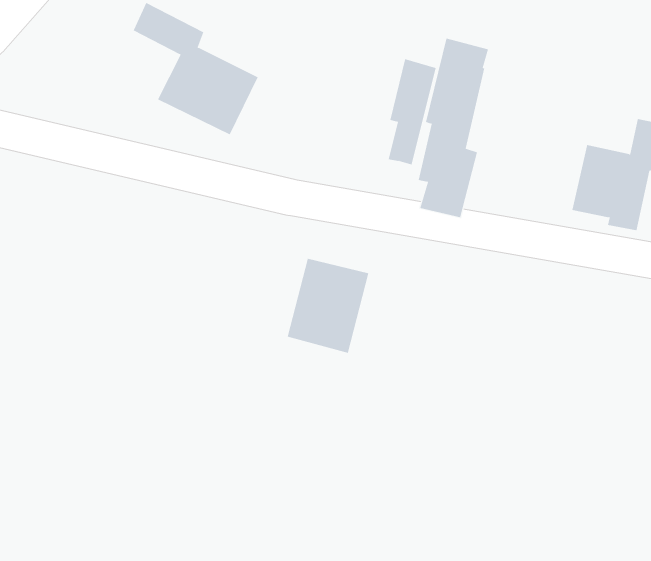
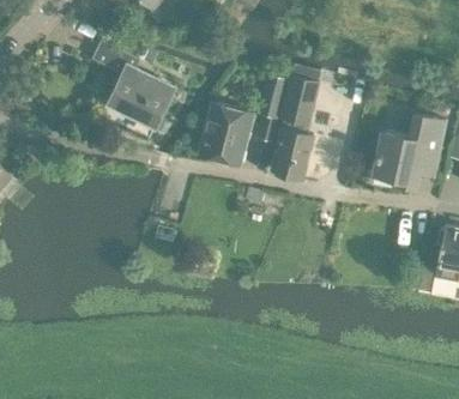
building: [287,258,369,354] -> [200,103,253,164]

